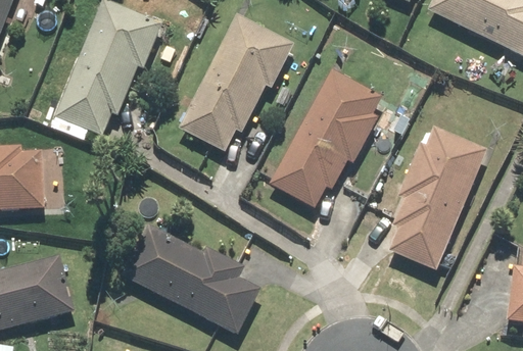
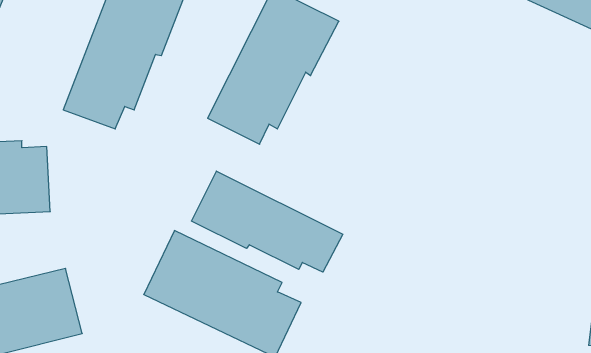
building: [272,69,382,206] -> none
building: [389,130,484,272] -> none
building: none -> [191,171,343,272]

